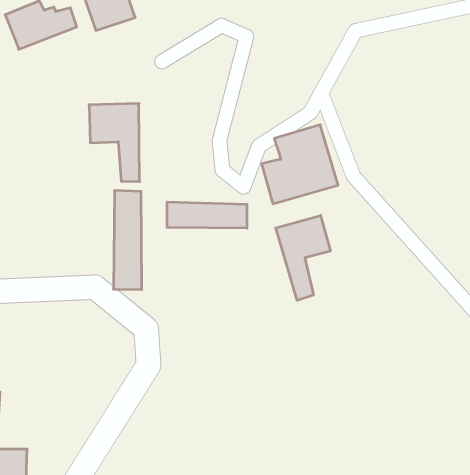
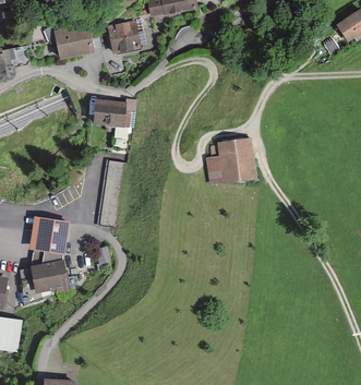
building: [167,202,247,228] -> none
building: [276,215,330,300] -> none
building: none -> [20,217,73,301]

